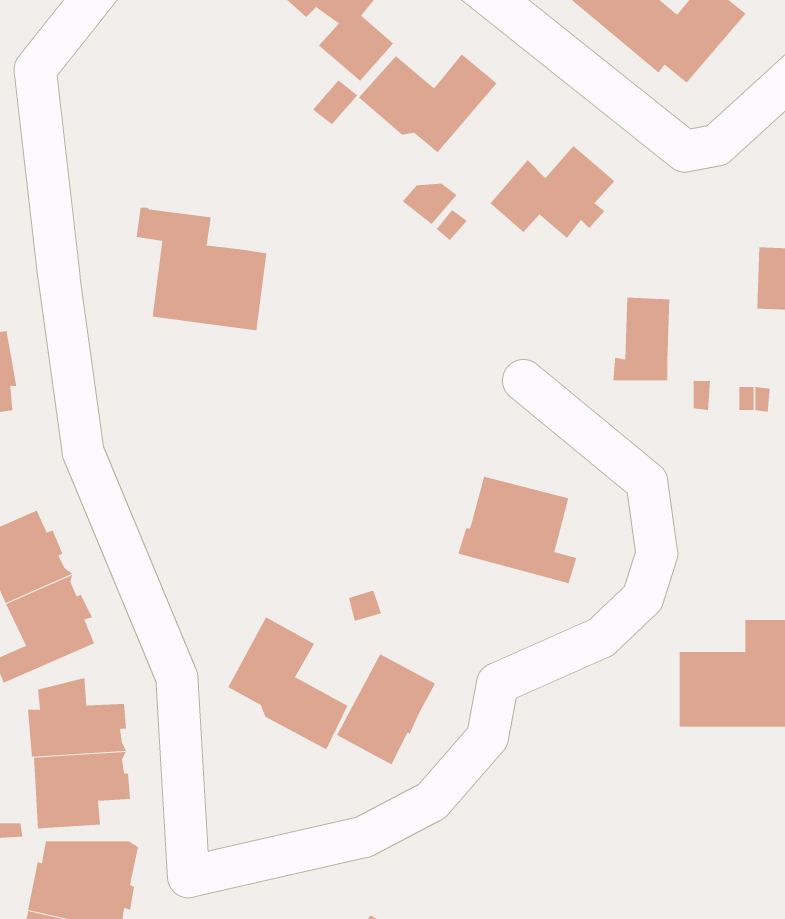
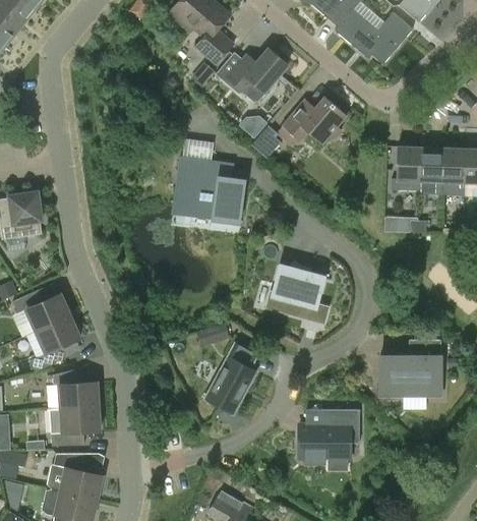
building: [136,207,267,331] -> [177,157,244,220]
building: [612,297,670,381] -> [391,148,420,190]
building: [228,616,348,750] -> none
building: none -> [298,408,359,462]

